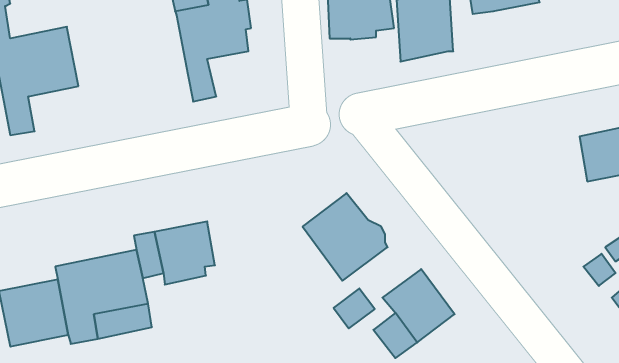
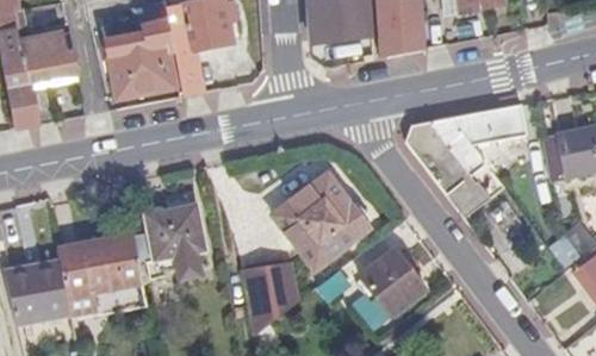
building: none -> [106,15,180,96]
building: none -> [406,104,527,219]
building: none -> [243,261,300,331]

